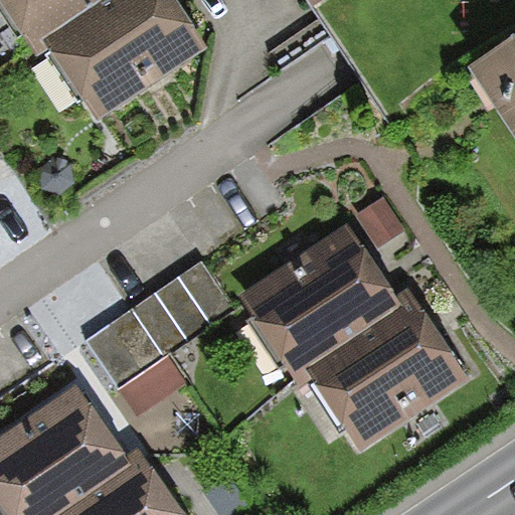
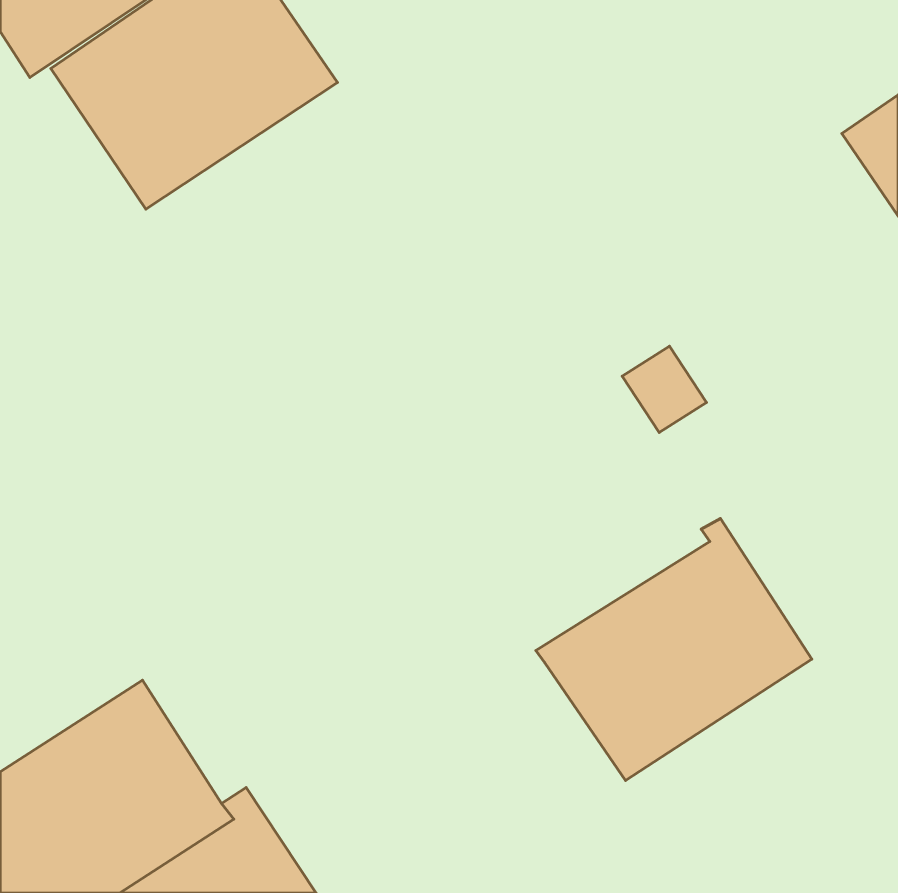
building: [244,229,406,386] -> none
building: [85,263,232,415] -> none

